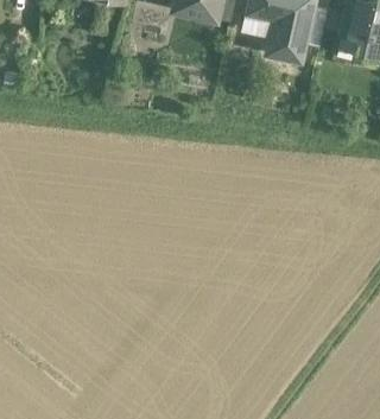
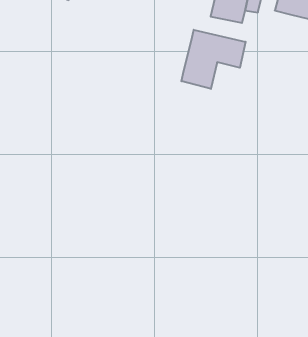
building: none -> [181,30,246,89]

